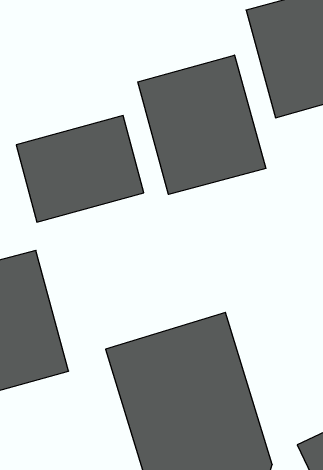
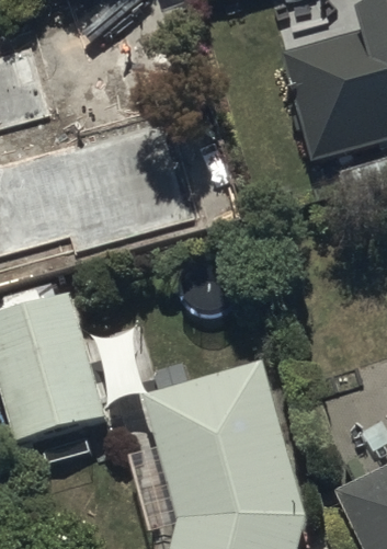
building: [138,55,266,194] -> none

